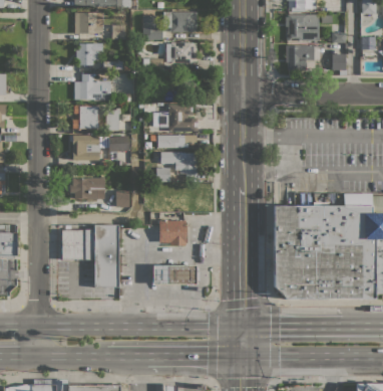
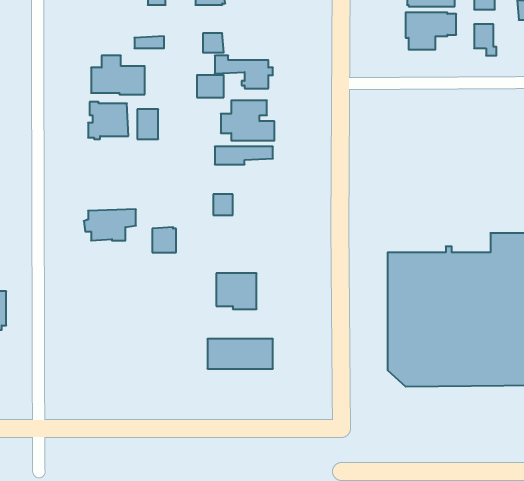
building: [76,42,102,64] -> none
building: [165,42,197,62] -> none
building: [72,134,128,160] -> none
building: [160,151,197,179] -> none
building: [61,225,118,286] -> none

